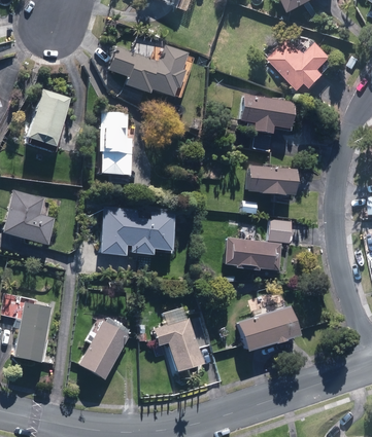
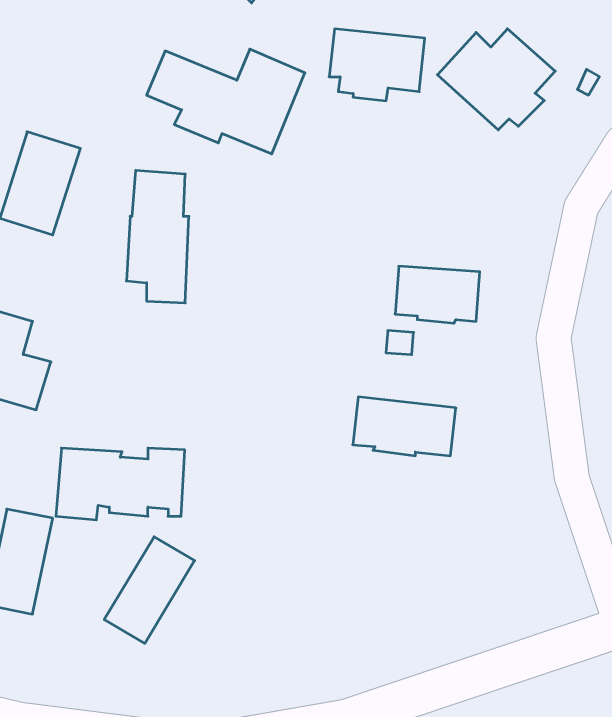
building: [236,96,290,136] -> [329,29,425,101]
building: [103,213,175,253] -> [56,448,185,520]
building: [266,221,289,245] -> none
building: [240,304,298,347] -> none
building: [159,318,204,371] -> none

